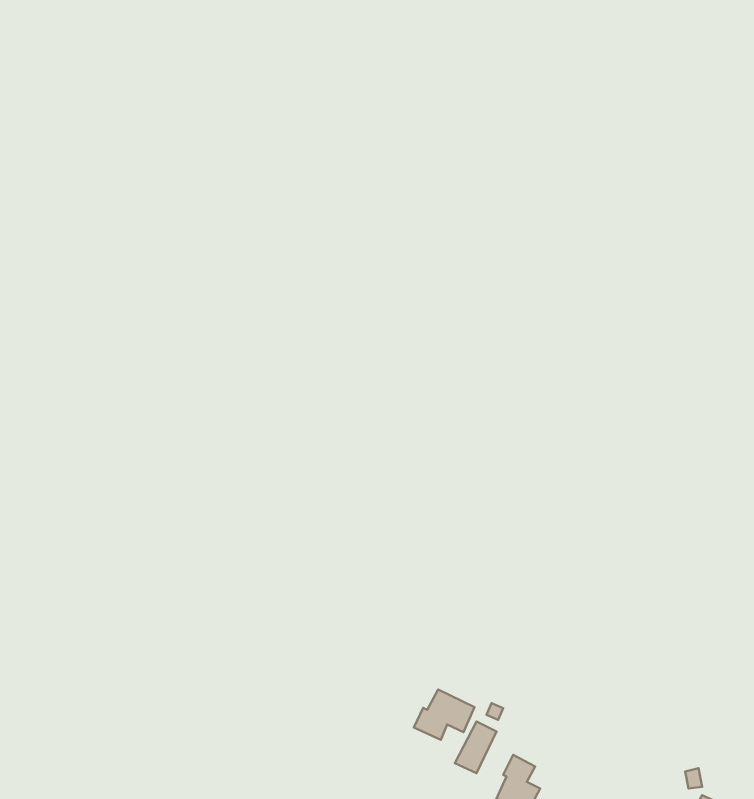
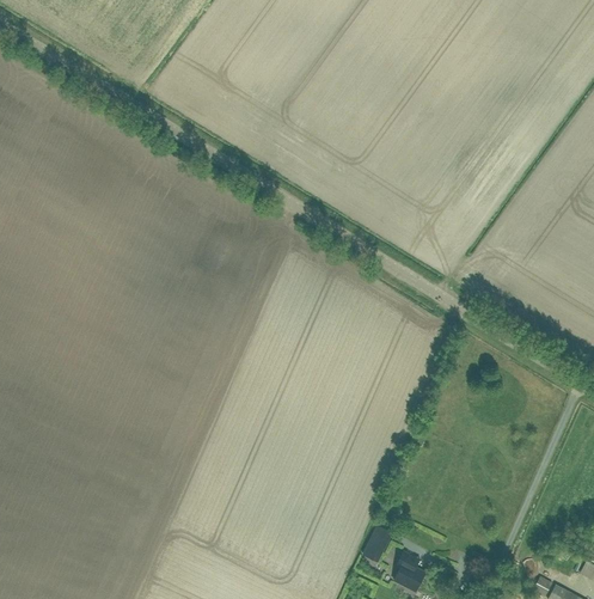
building: [414,690,475,740] -> none

